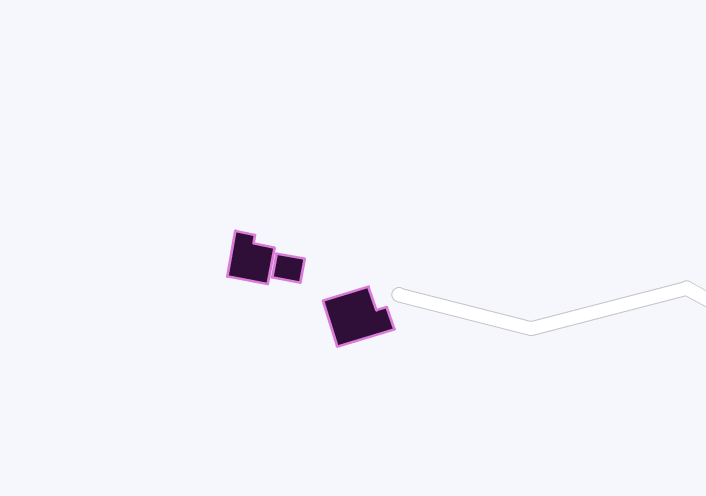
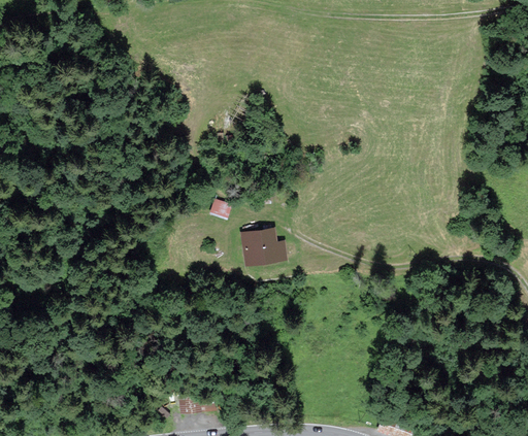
building: [227,231,274,284] -> none

